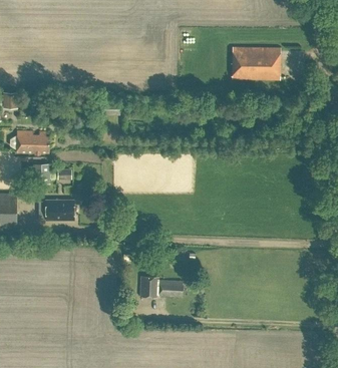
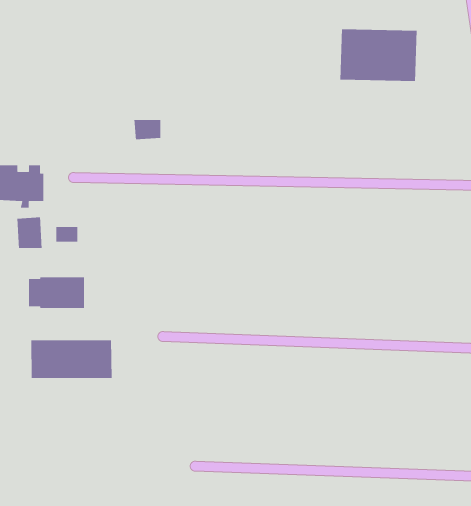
building: none -> [30,340,112,379]
building: [140,276,183,297] -> none

